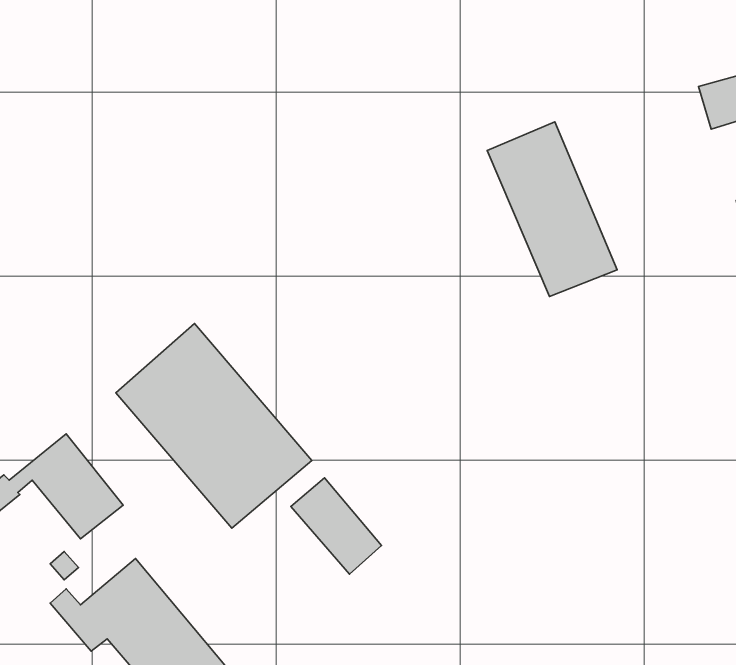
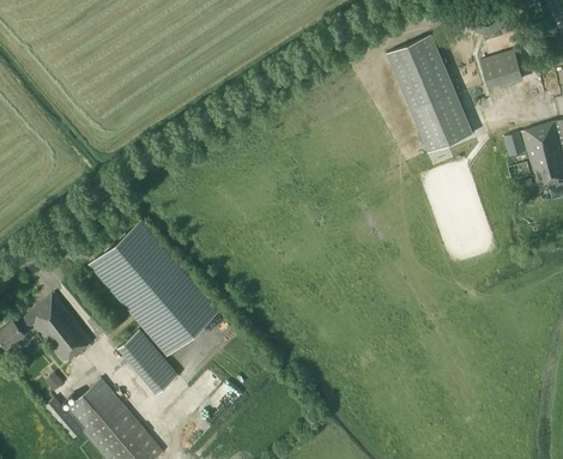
building: [487,122,617,297] -> [387,35,474,152]
building: [291,478,382,574] -> [117,330,178,394]

